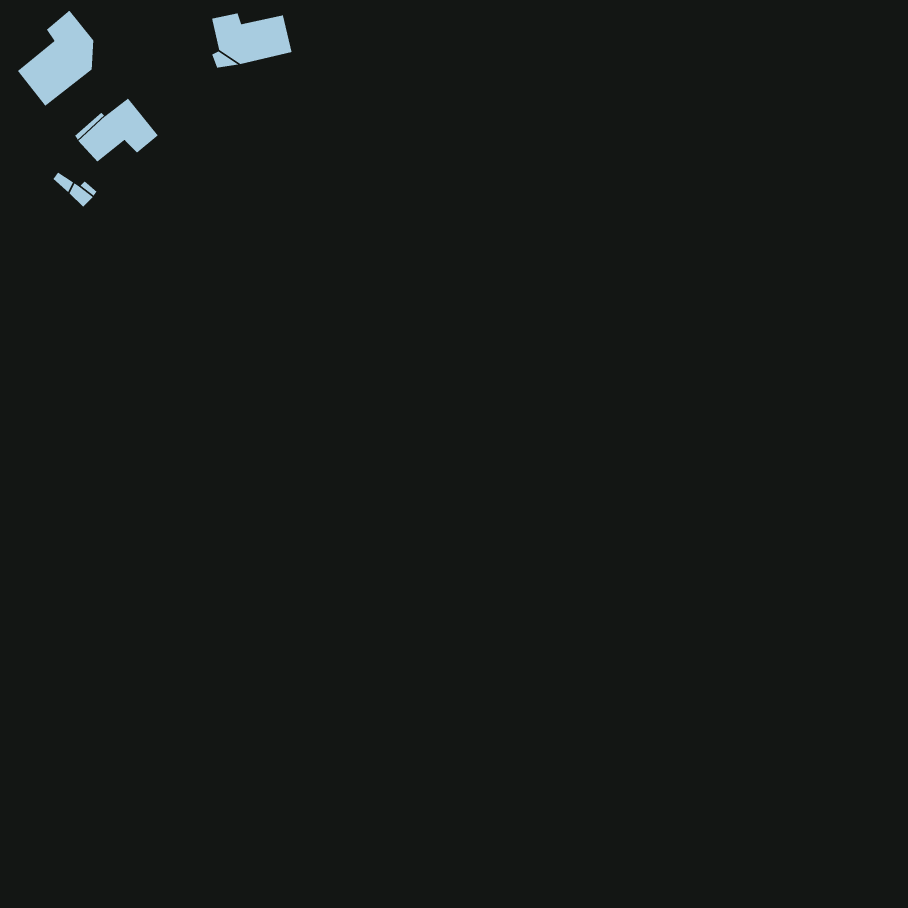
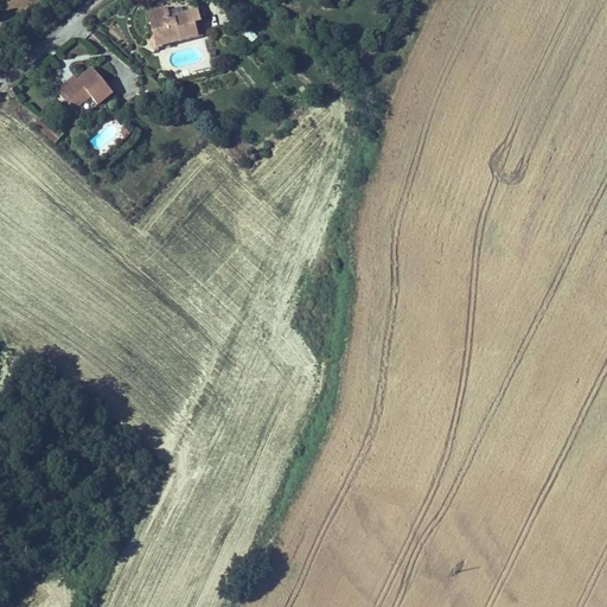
building: [17,10,94,107] -> none

